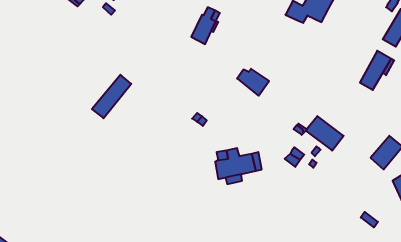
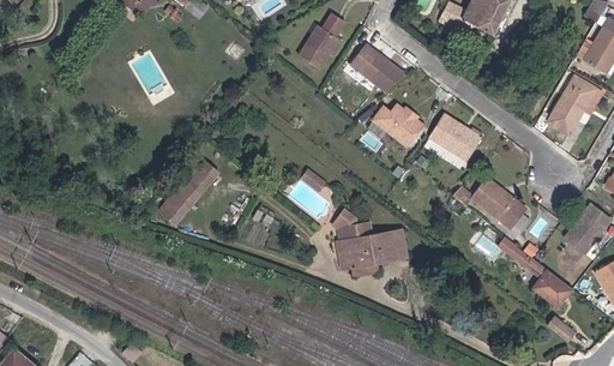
building: none -> [345,41,396,90]
building: [92,75,131,118] -> [156,157,213,221]
building: none -> [421,114,474,158]
building: none -> [492,234,571,302]

